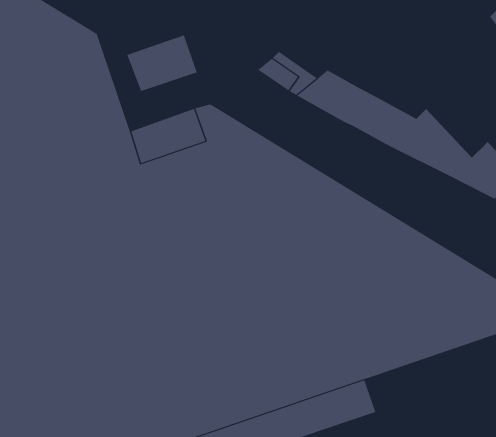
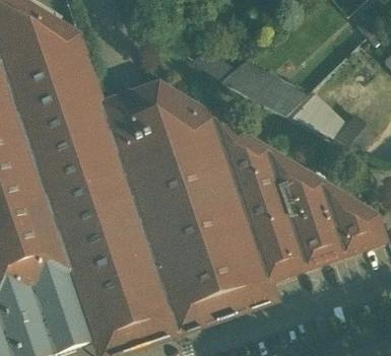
building: [126,35,197,92] -> none

